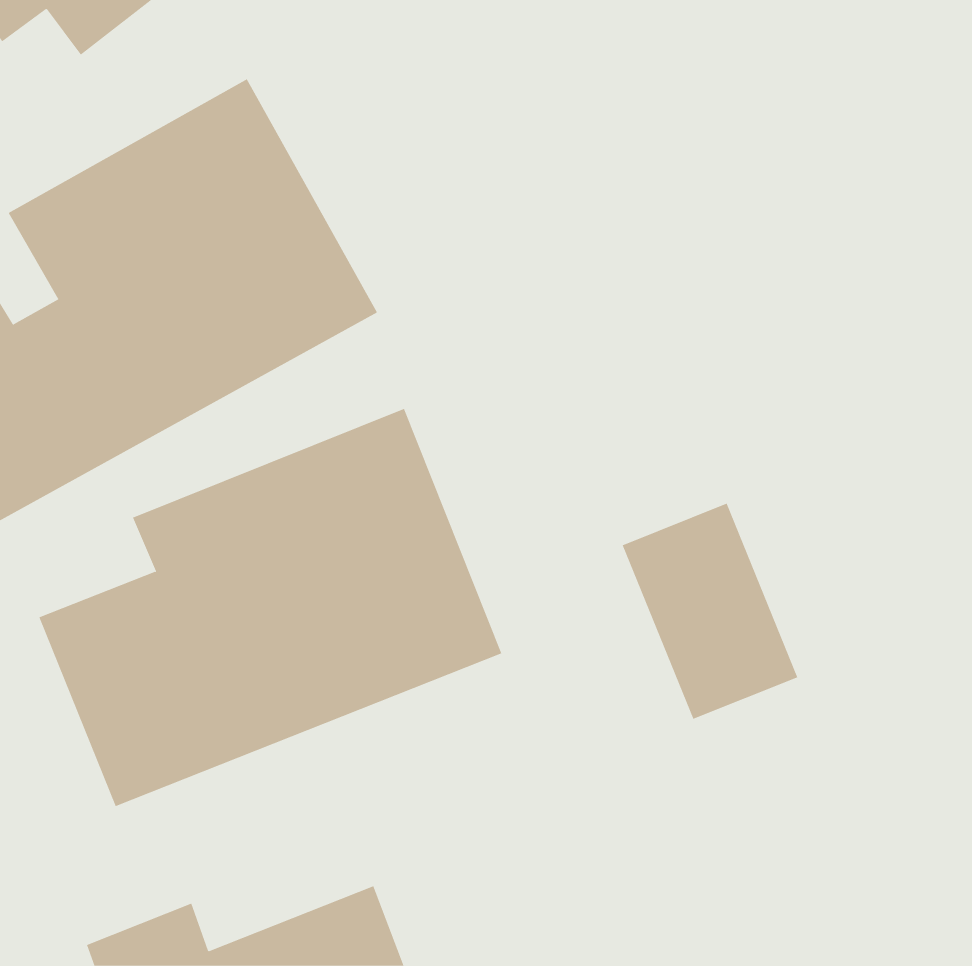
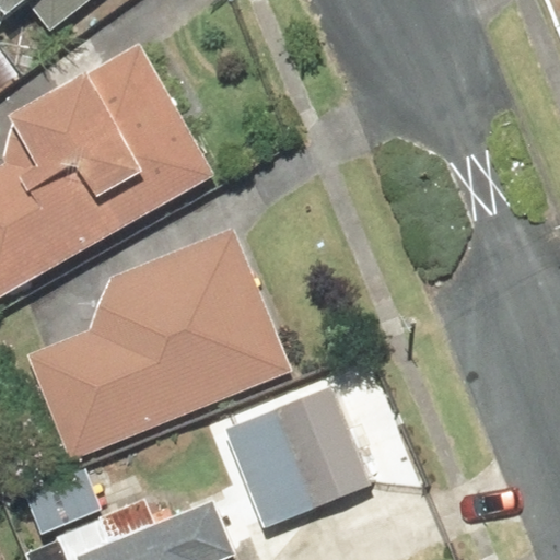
building: [622,503,798,720] -> [269,385,370,509]

